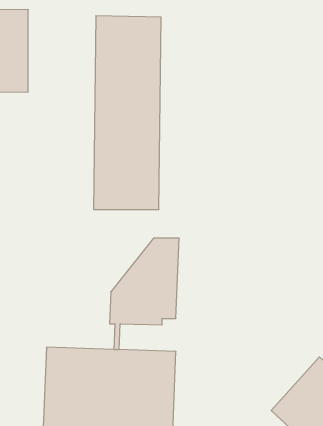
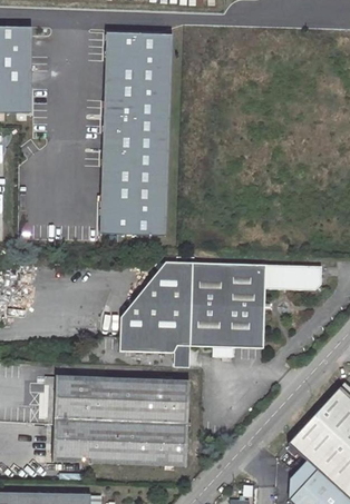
building: none -> [188,263,320,348]

